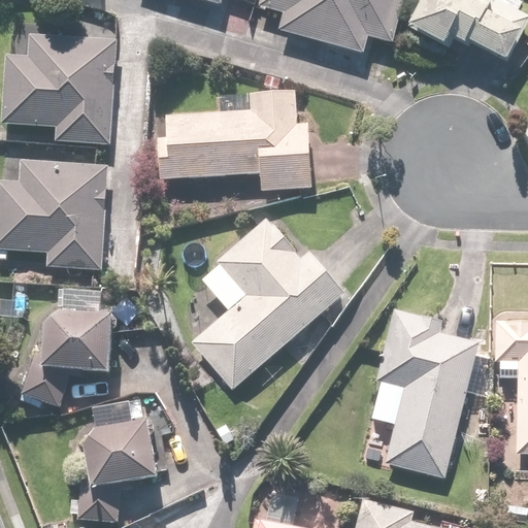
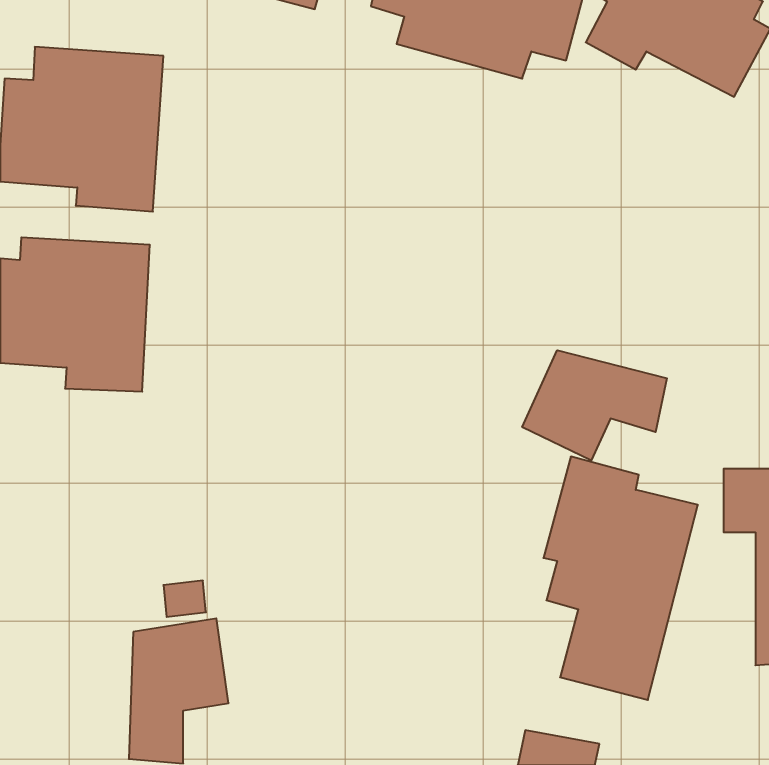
building: [152,95,314,194] -> none
building: [192,217,341,387] -> none
building: none -> [522,350,667,461]
building: [31,317,113,406] -> none

